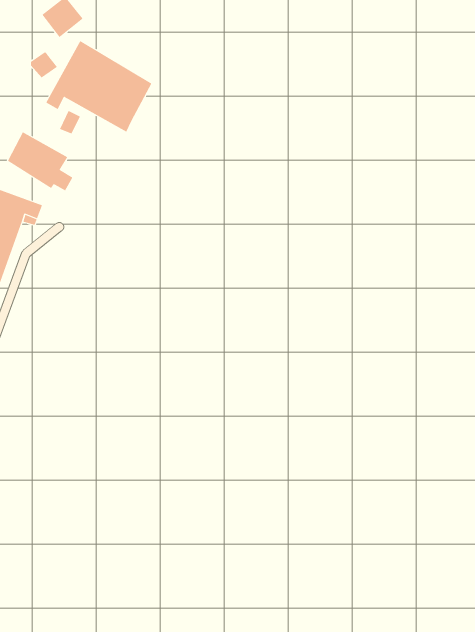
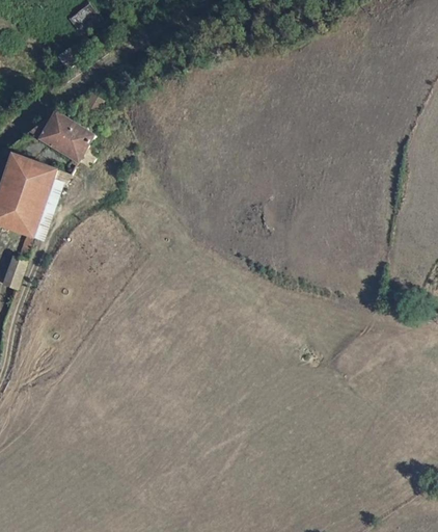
building: [45,40,152,133] -> none

